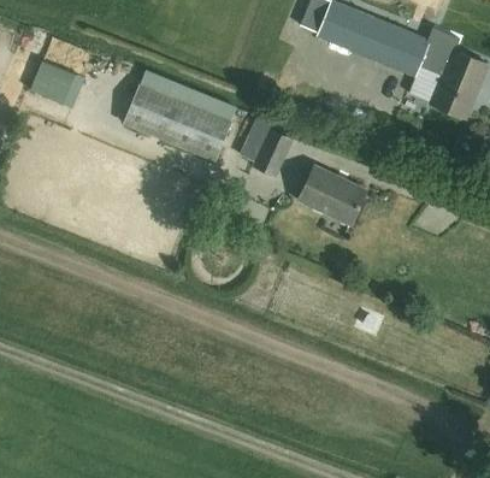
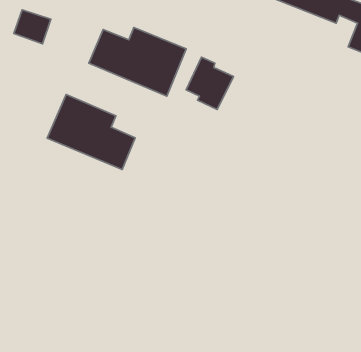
building: none -> [47,94,135,170]
building: [300,170,364,223] -> none

